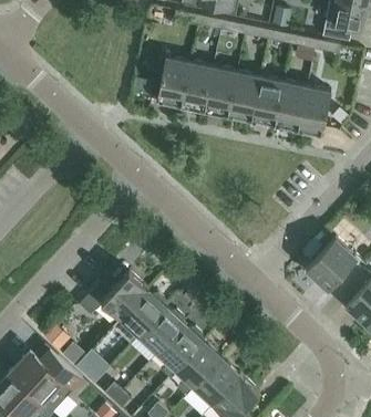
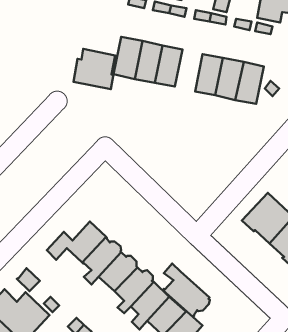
building: none -> [74,49,115,89]
building: [227,72,259,121] -> none
building: none -> [163,263,210,317]

